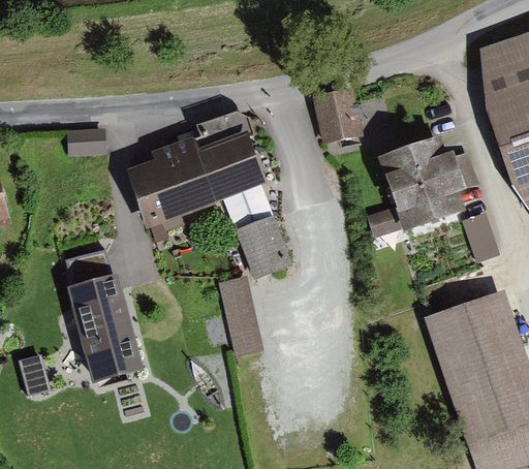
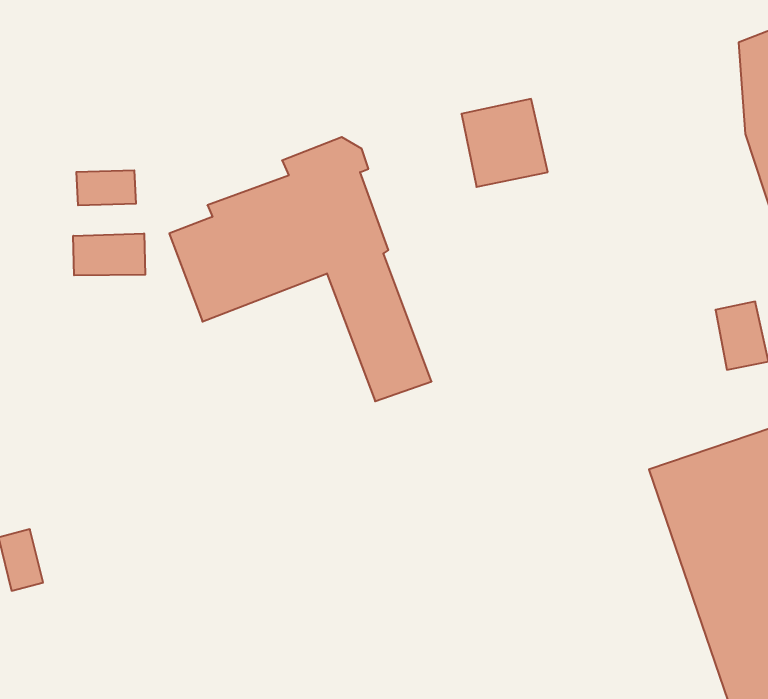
building: [368,140,464,231] -> none
building: none -> [73,233,145,275]
building: [67,248,146,384] -> none
building: [219,274,264,353] -> none

